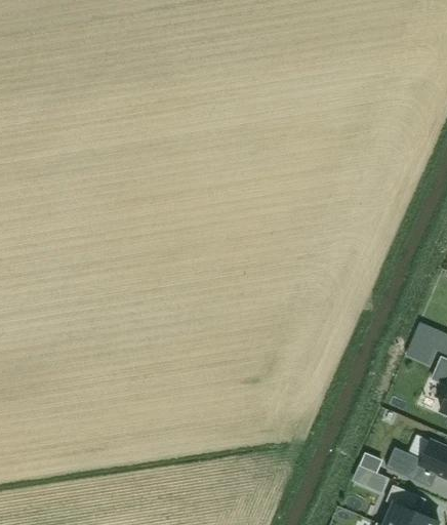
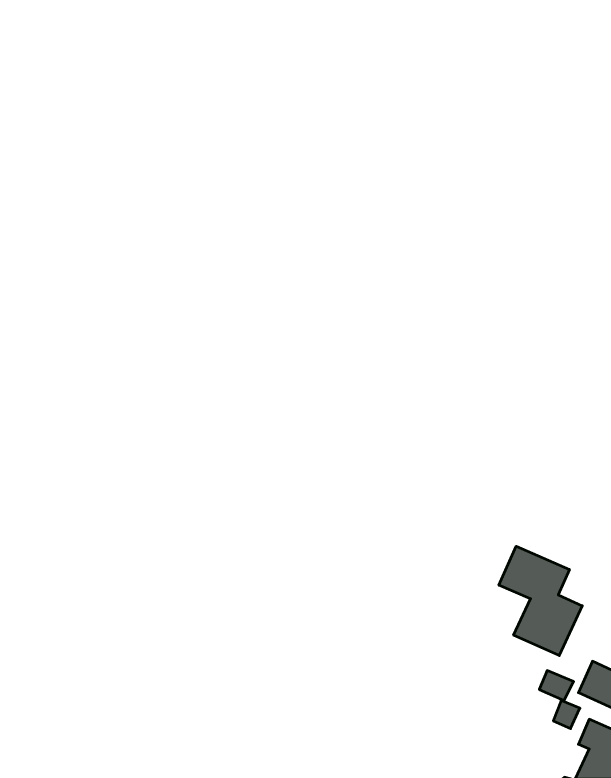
building: none -> [499,546,582,656]

